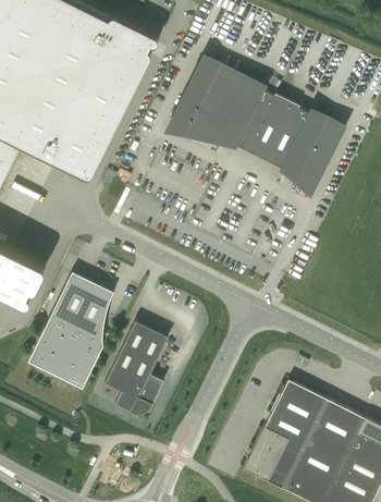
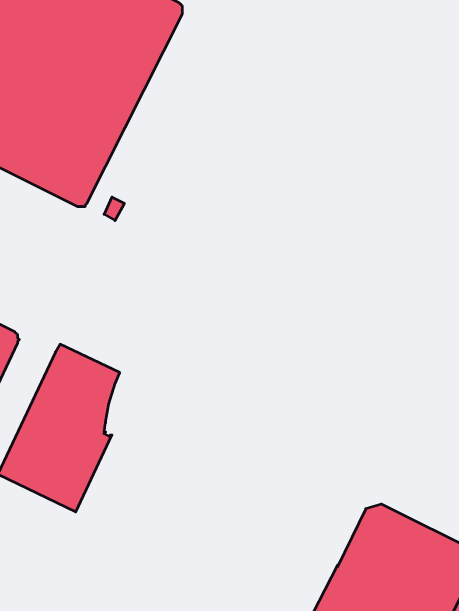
building: [169,60,341,193] -> none
building: [105,322,168,415] -> none

